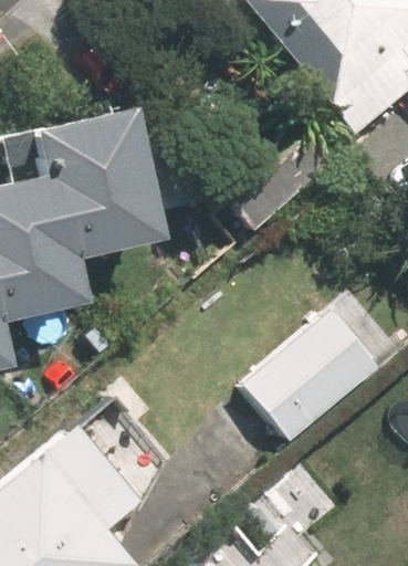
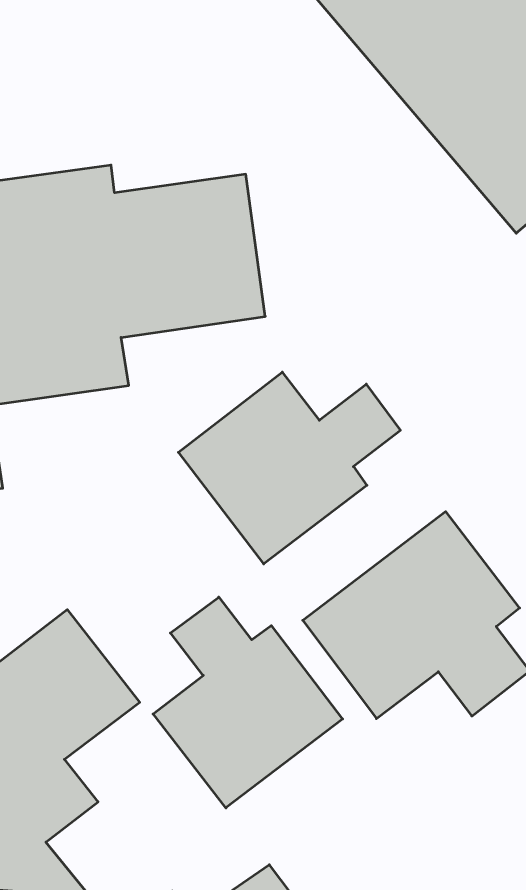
building: none -> [178,372,400,564]
building: none -> [153,597,343,808]

